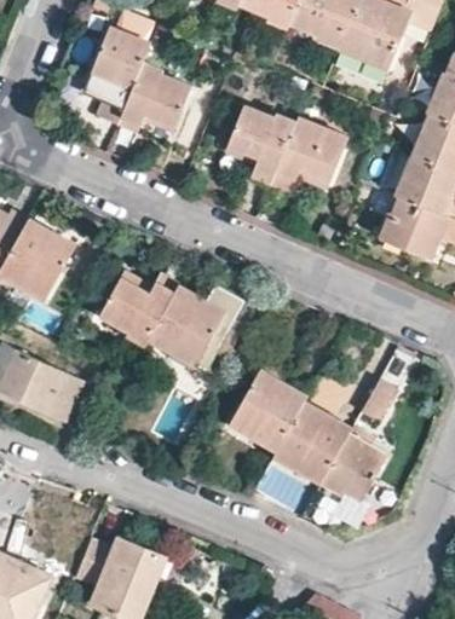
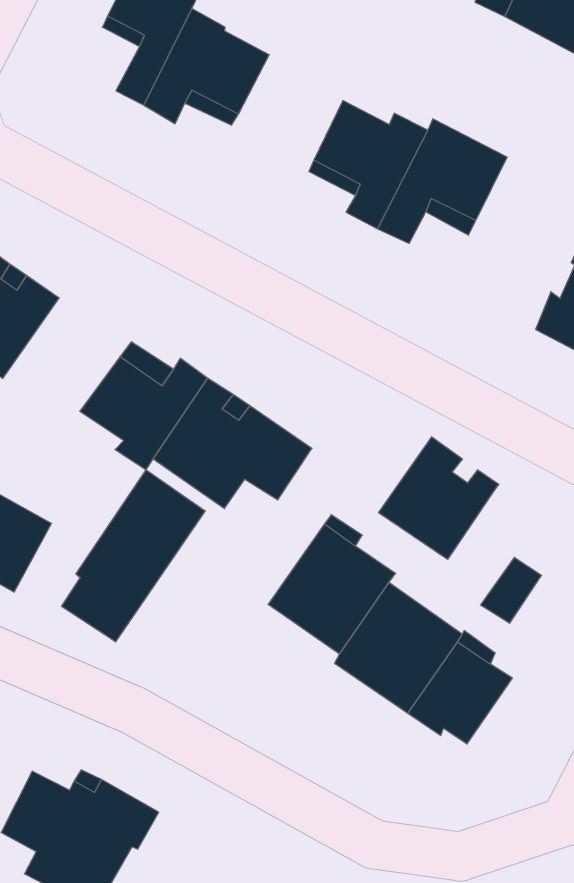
building: none -> [379,437,499,559]
building: none -> [62,470,205,642]

